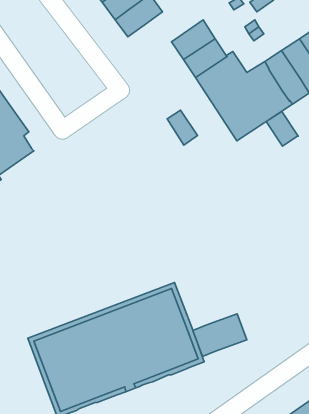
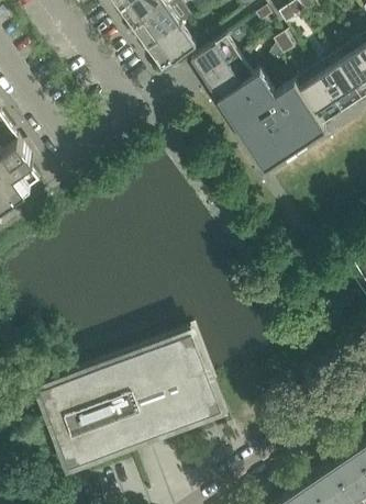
building: none -> [145,27,198,75]
building: [167,110,197,145] -> none
building: [266,111,298,146] -> none
building: [193,314,247,357] -> none

